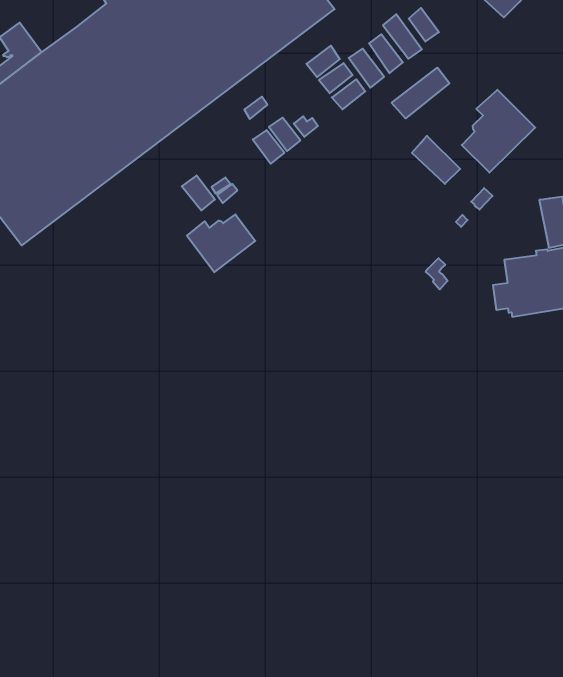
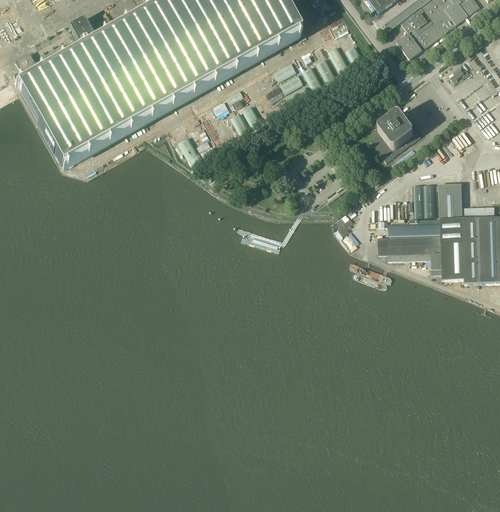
building: [392,68,449,118] -> none
building: [412,136,460,184] -> none
building: [187,214,255,272] -> none

